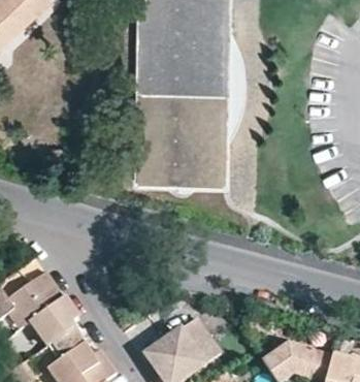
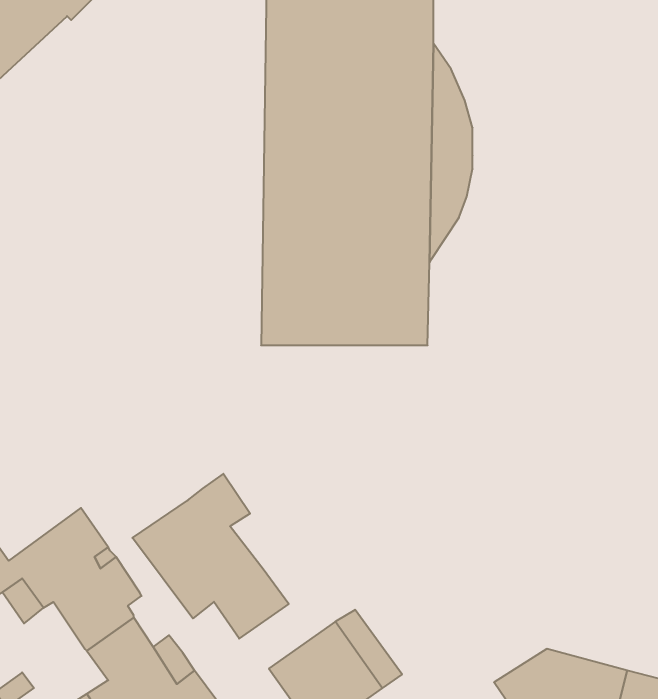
building: none -> [132,474,289,639]

